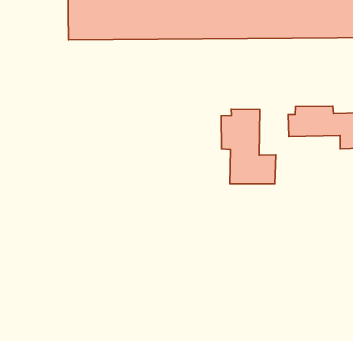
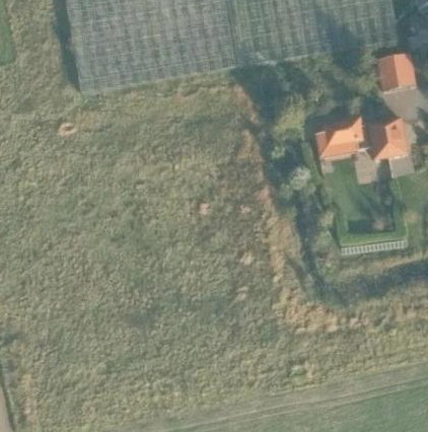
building: [221,109,276,184] -> none

